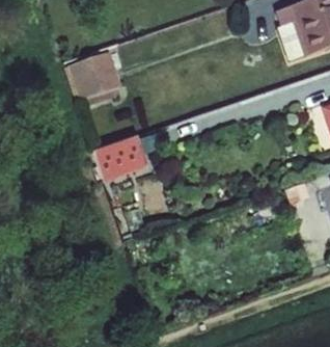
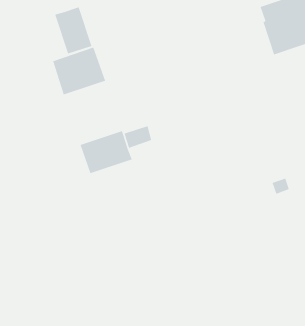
building: none -> [54,6,93,55]

